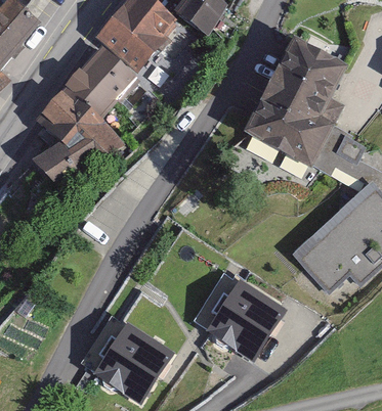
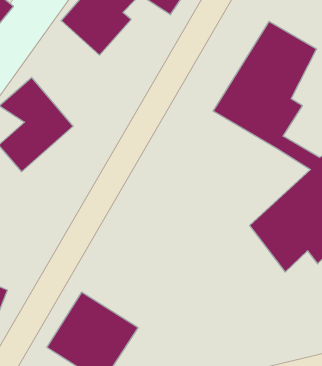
building: [60,48,146,134] -> none
building: [205,276,286,360] -> none

